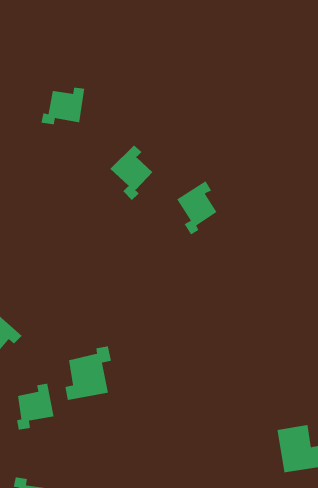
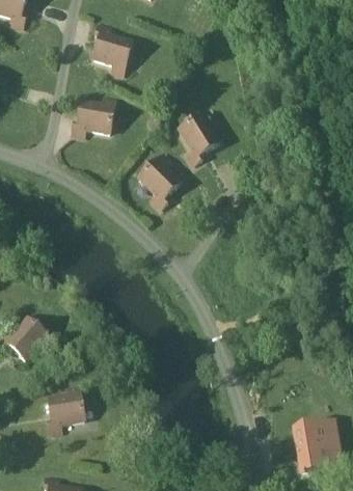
building: none -> [92,25,131,74]
building: [176,180,217,235] -> [179,110,219,164]
building: [64,346,112,401] -> none

